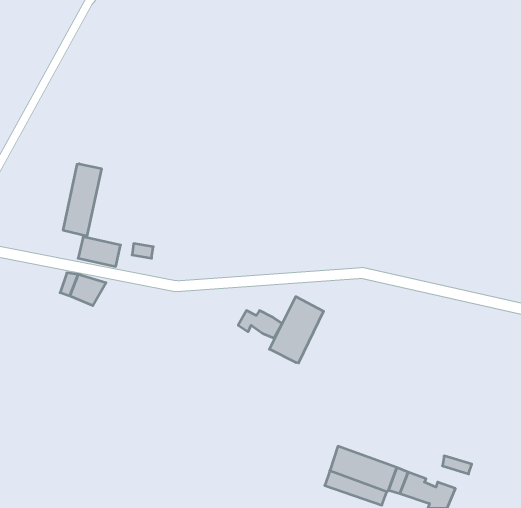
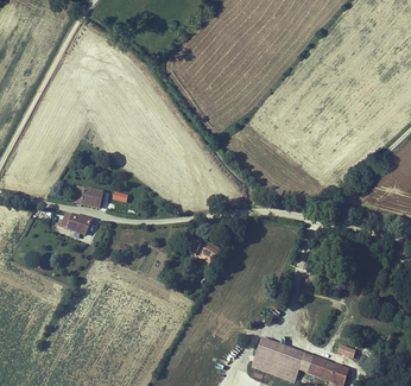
building: [63,164,101,236] -> none
building: [269,297,324,363] -> none

